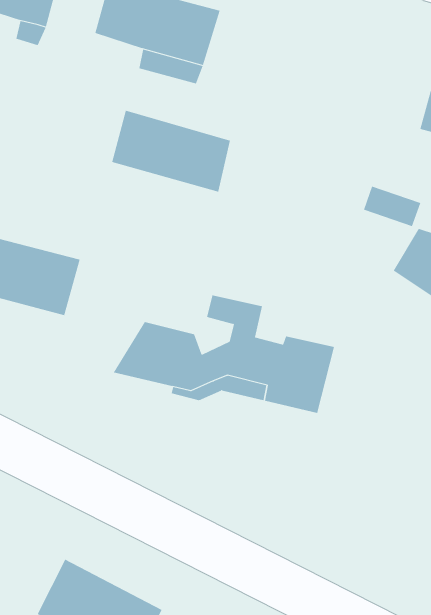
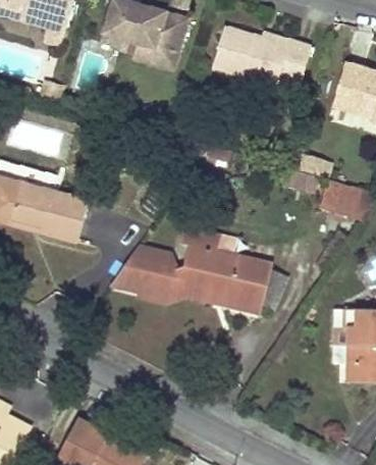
building: none -> [213,30,307,84]
building: [112,110,230,192] -> none

